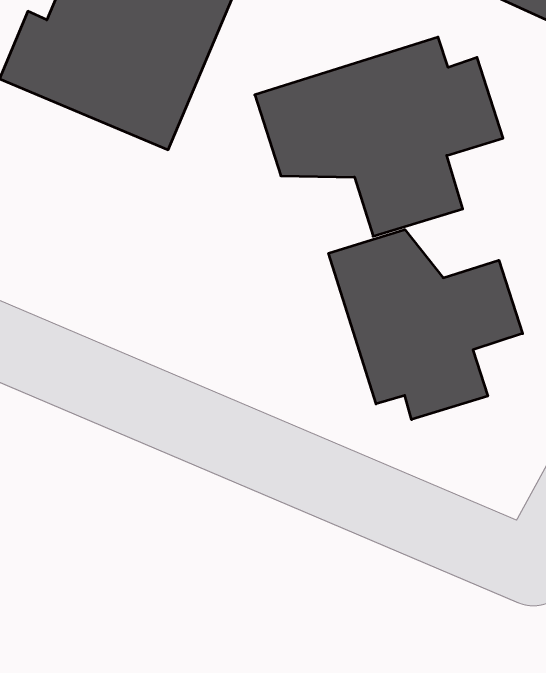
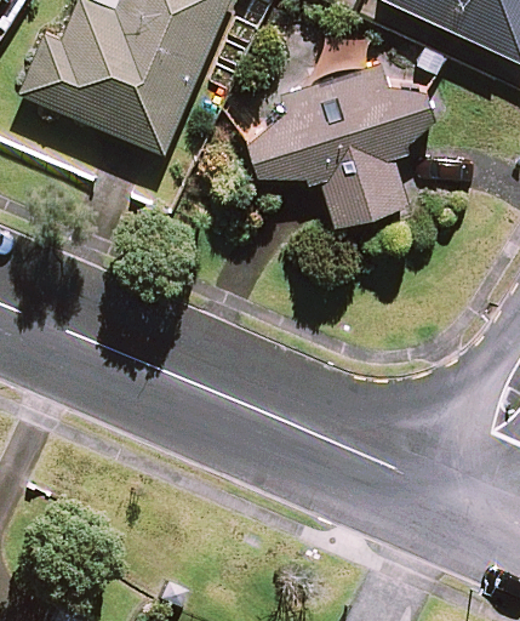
building: [329,230,523,420] -> none

